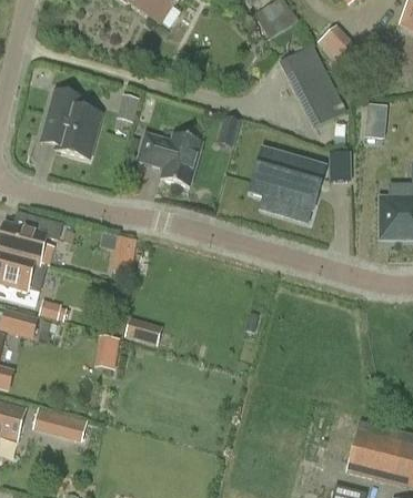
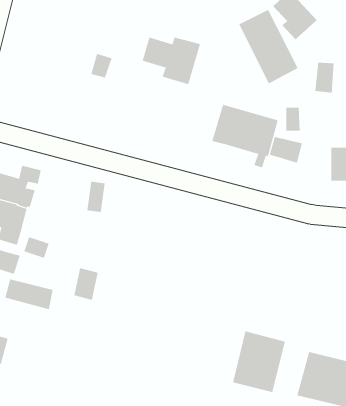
building: [48,89,101,159] -> none
building: [137,133,202,186] -> [142,37,201,85]
building: none -> [269,136,302,163]
building: [123,316,161,344] -> none
building: none -> [232,331,286,393]
building: [31,407,85,441] -> [4,279,53,310]

